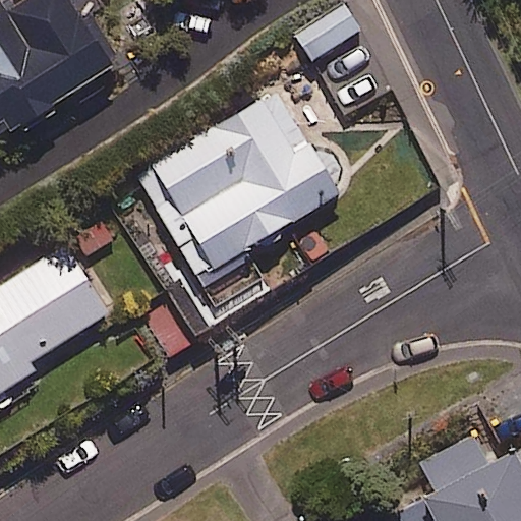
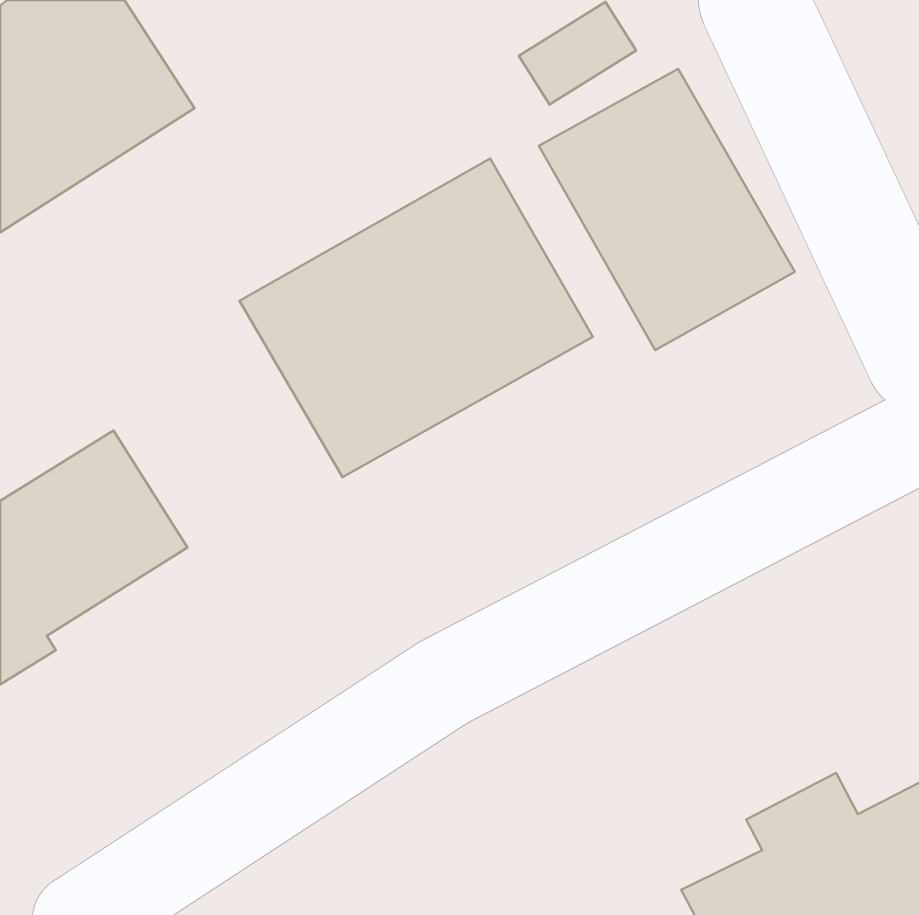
building: none -> [539,69,795,350]

